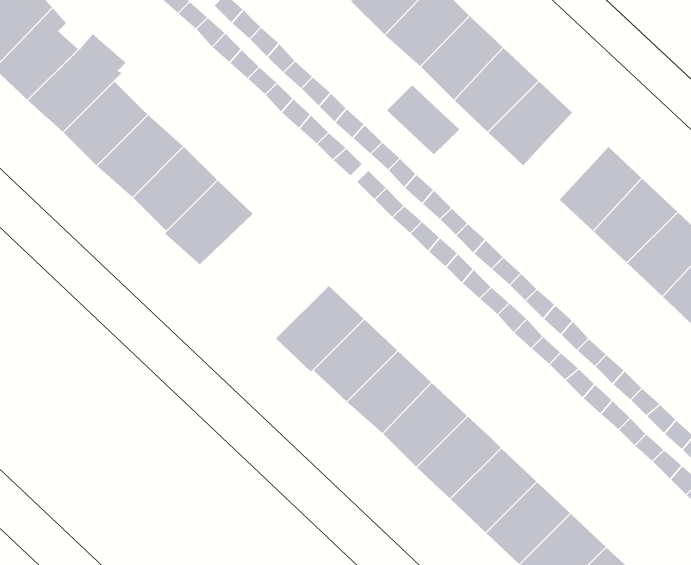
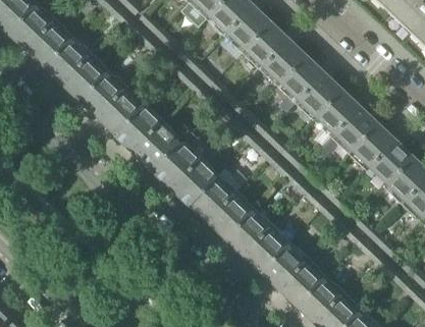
building: [386,84,460,155] -> none
building: none -> [299,72,342,117]
building: none -> [132,124,199,188]

